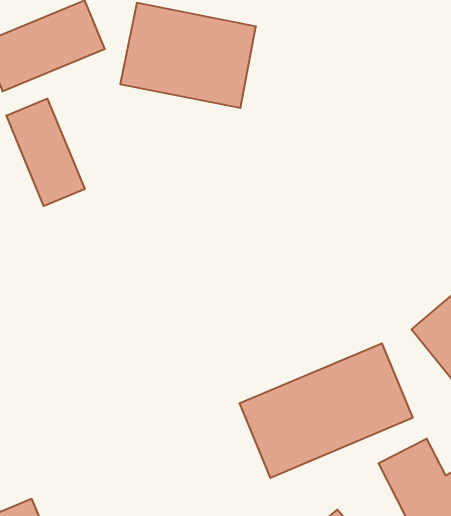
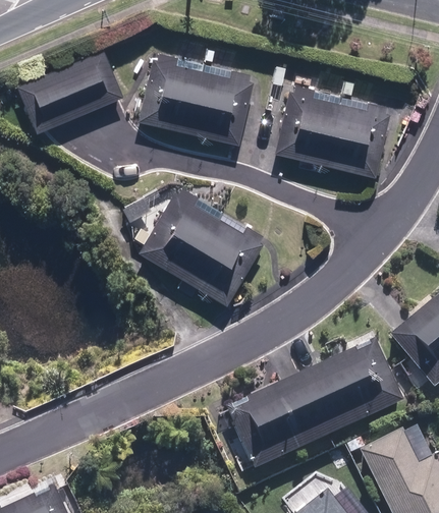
building: none -> [277,86,394,180]
building: [6,99,85,206] -> none
building: none -> [135,185,265,308]

